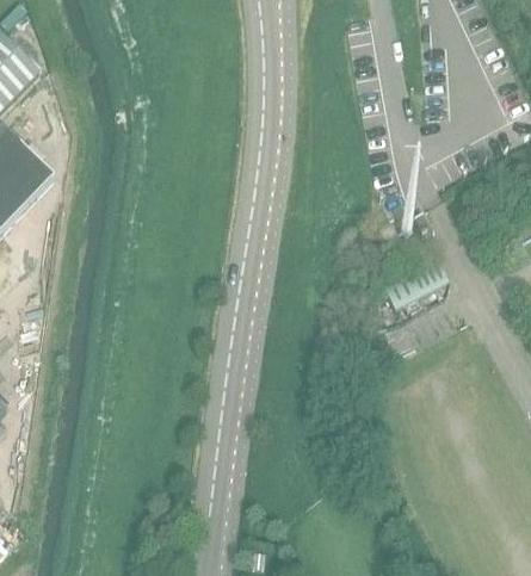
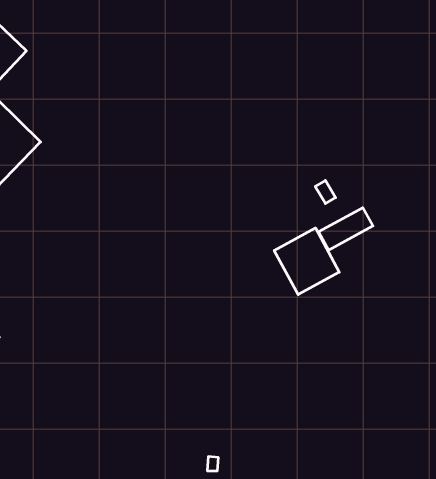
building: none -> [274,228,339,295]

